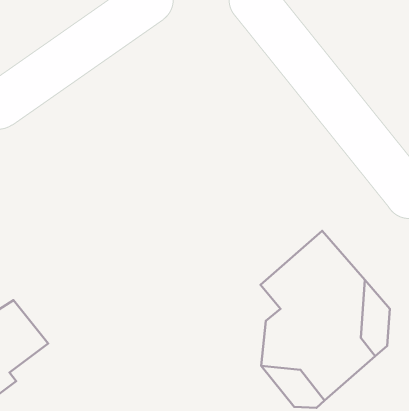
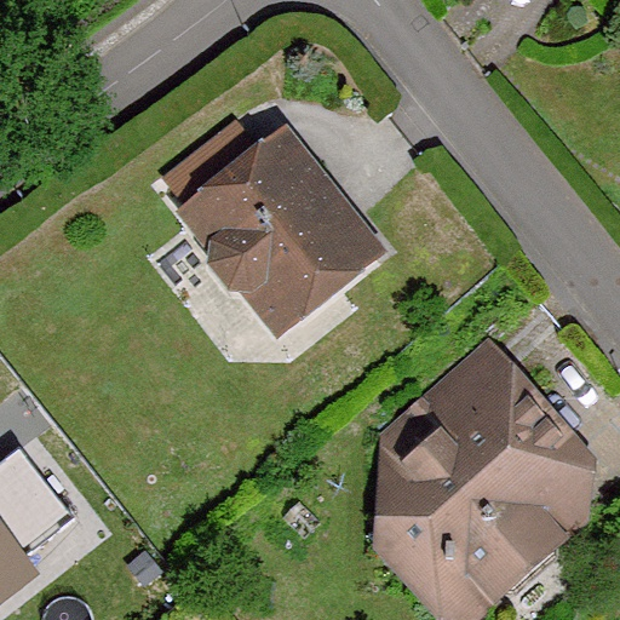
building: none -> [167,131,371,321]

